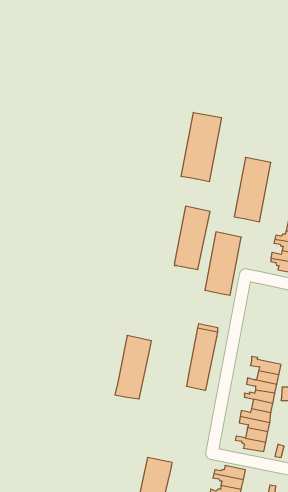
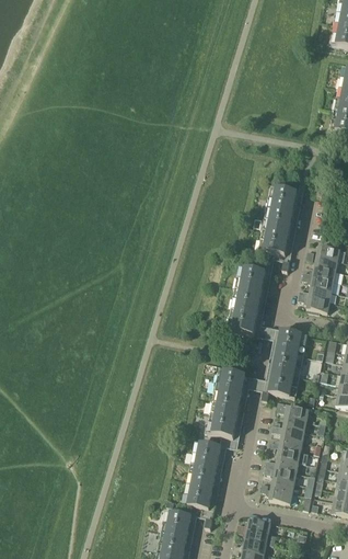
building: [181,112,221,182] -> none
building: [174,206,210,270] -> [269,328,308,396]
building: [115,336,151,399] -> [182,440,221,507]

